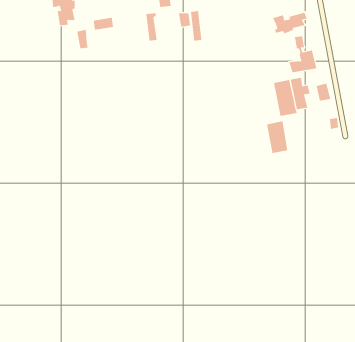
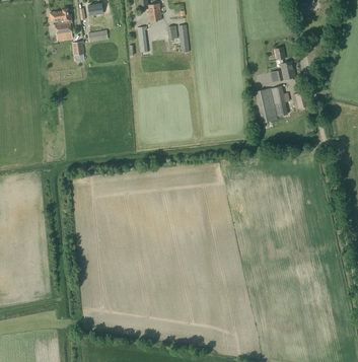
building: [272,12,308,34] -> none
building: [266,121,288,154] -> none

